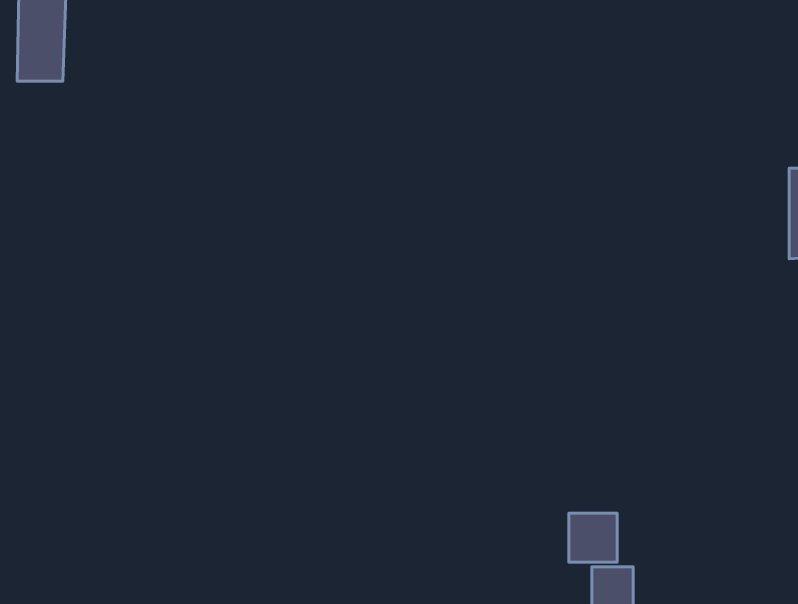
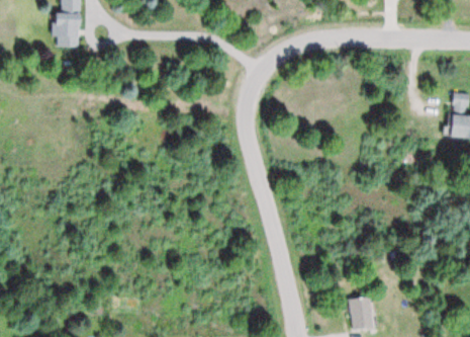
building: [569,513,617,562] -> none

